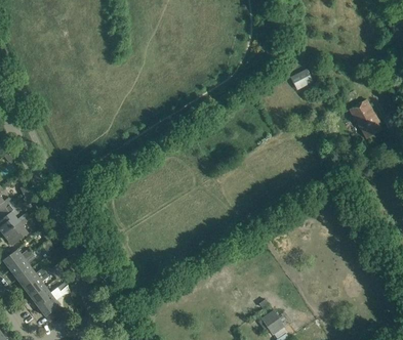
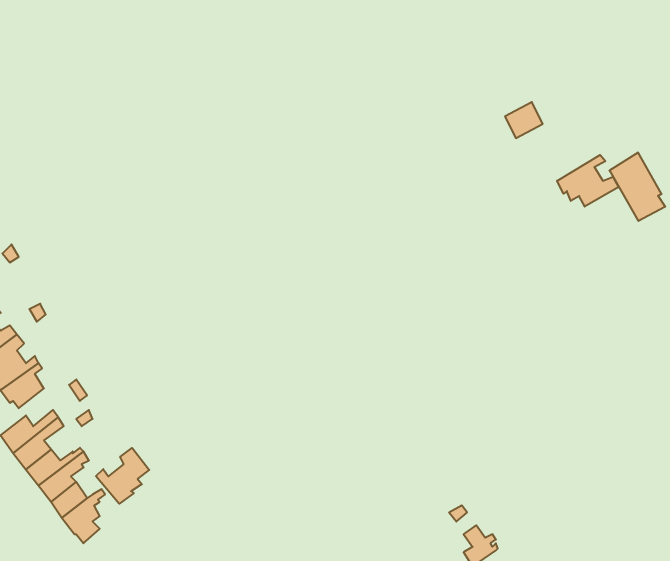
building: none -> [557,155,619,207]
building: none -> [96,448,149,504]

